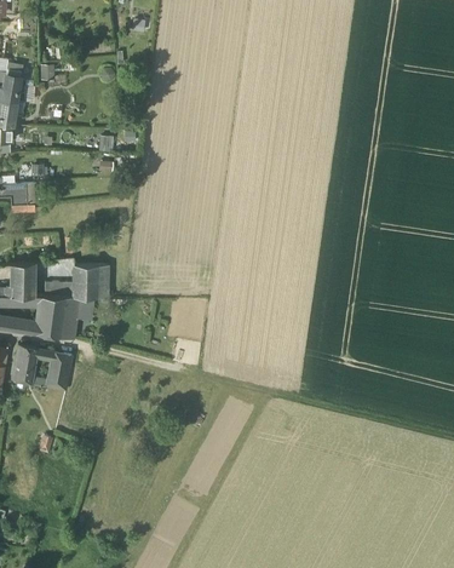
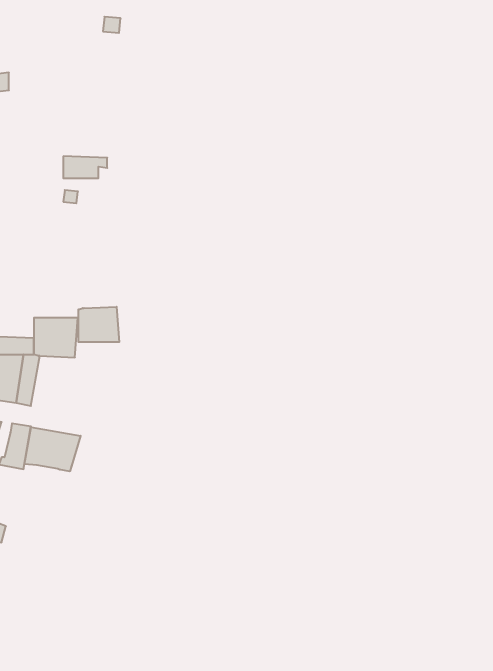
building: none -> [78,307,119,342]
building: none -> [24,427,81,471]

